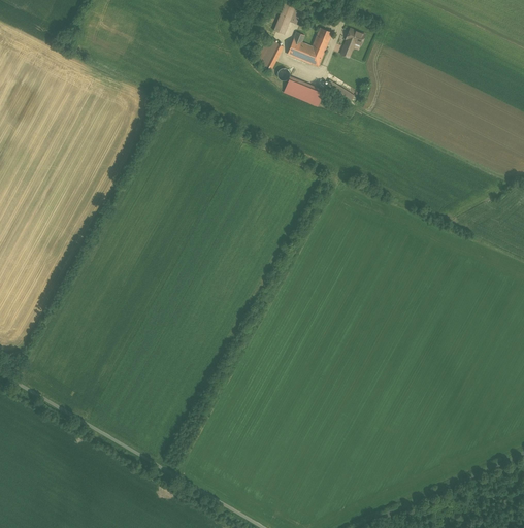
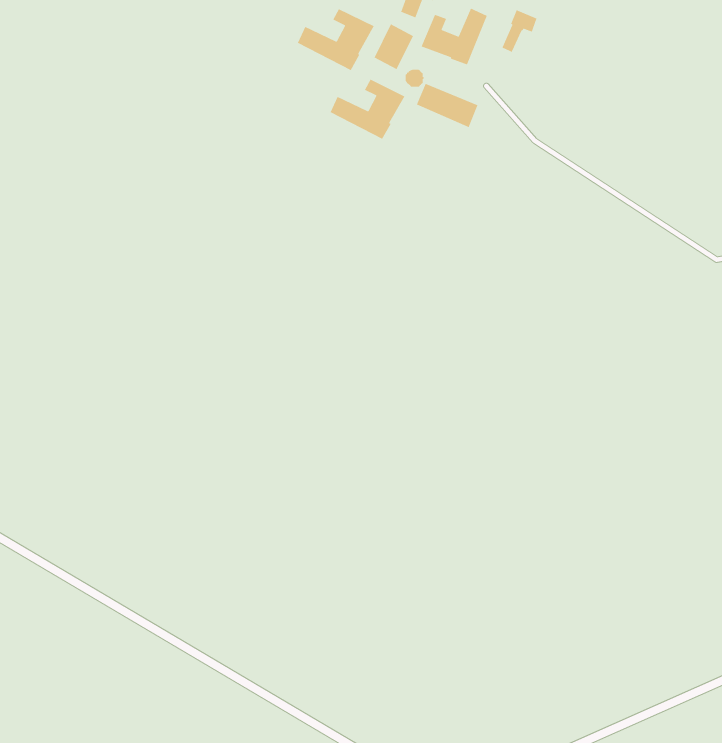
building: none -> [297,8,375,71]
building: none -> [330,79,406,140]

